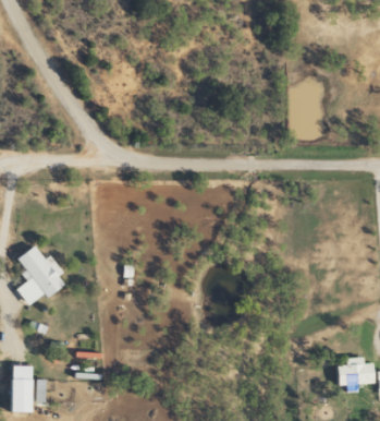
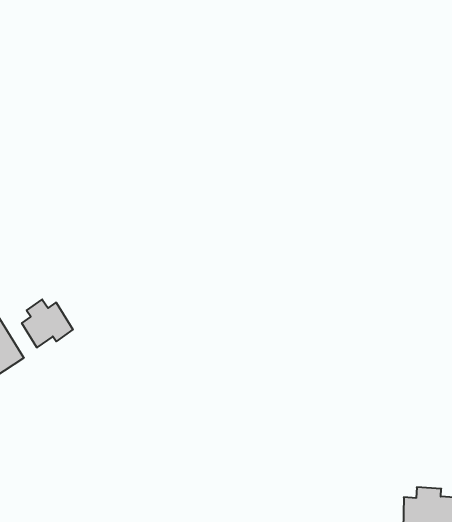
building: none -> [22,299,73,348]

